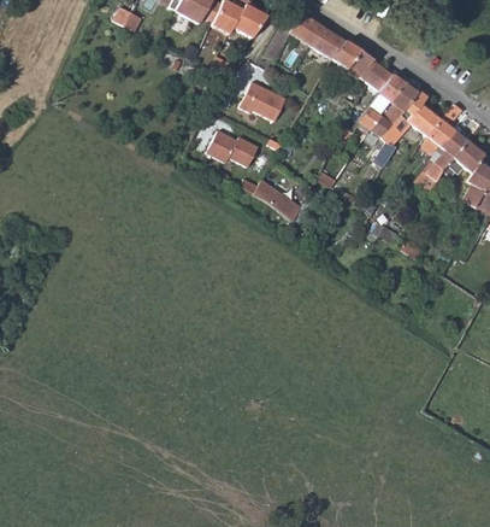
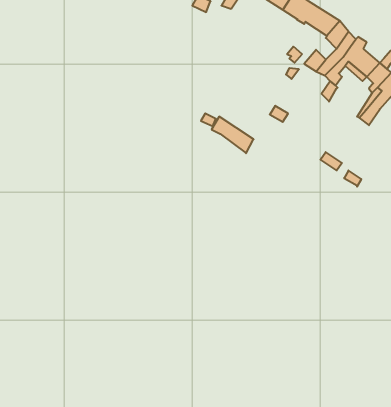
building: [241,80,287,121] -> none
building: [206,129,258,166] -> none

